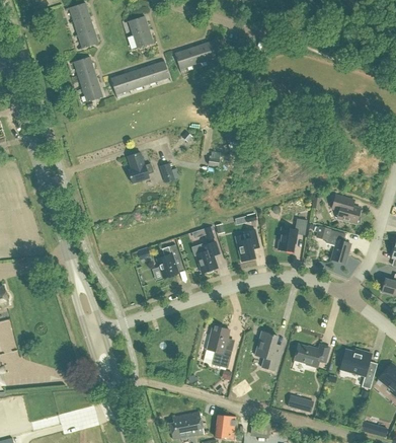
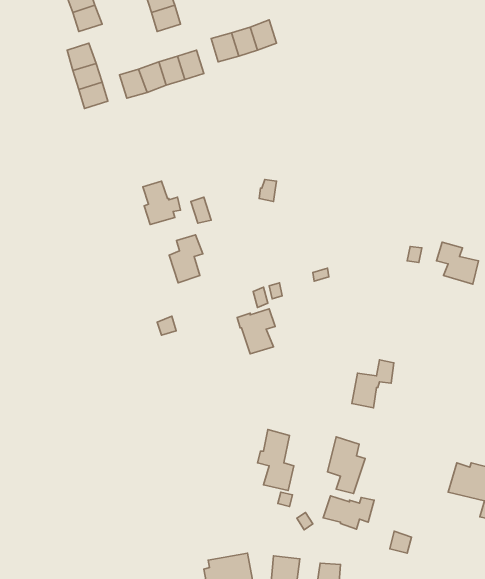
building: [278,218,307,251] -> [352,360,394,408]
building: [316,226,350,263] -> none
building: [235,229,259,262] -> none
building: [157,244,180,278] -> [169,235,203,283]
building: [294,344,329,367] -> [323,496,374,529]

